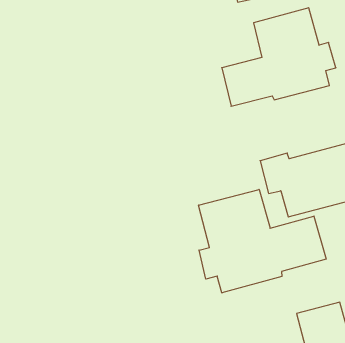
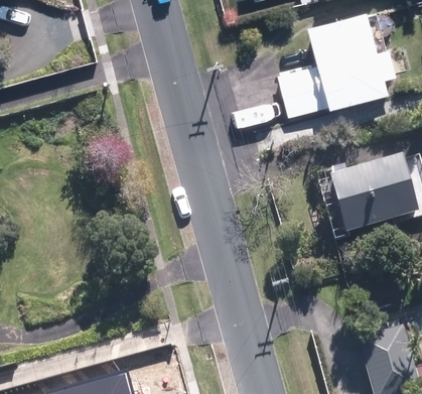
building: [199,189,326,293] -> none

